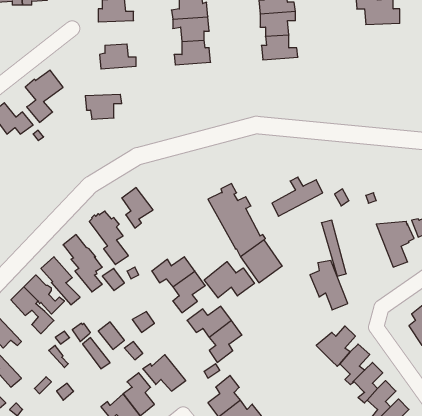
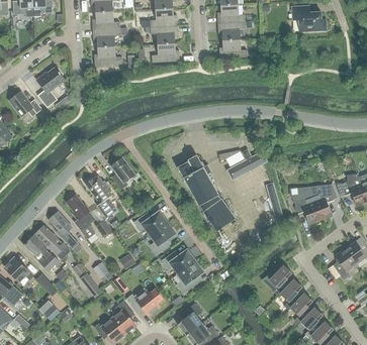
building: [85,94,122,119] -> [93,28,121,47]
building: [310,260,348,310] -> [292,186,322,224]
building: [204,262,254,298] -> none

